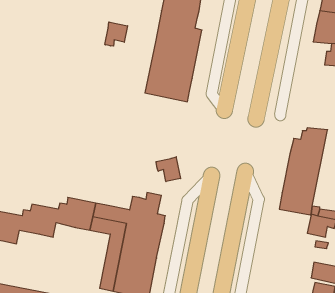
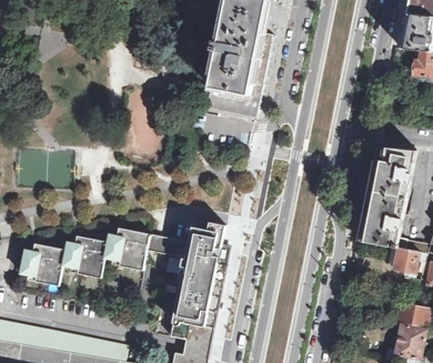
building: [105,22,128,46] -> none
building: [156,157,181,182] -> none

